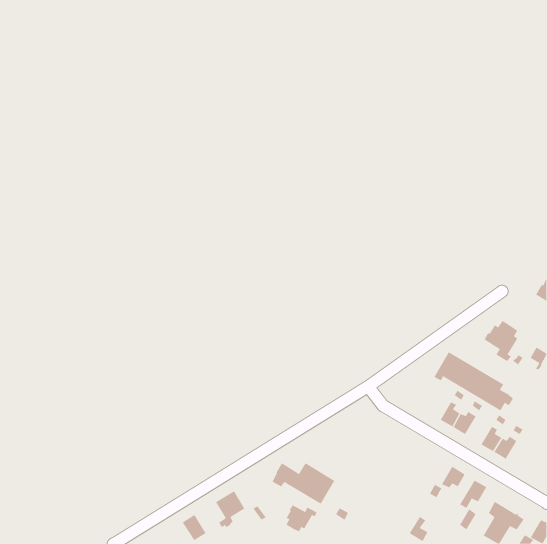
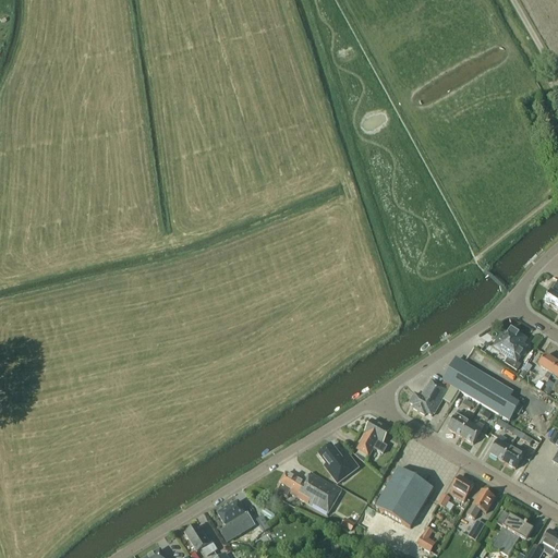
building: none -> [410,378,459,414]
building: none -> [357,417,391,454]
building: none -> [319,442,359,482]
building: none -> [376,466,434,526]
building: [286,505,317,532] -> none

